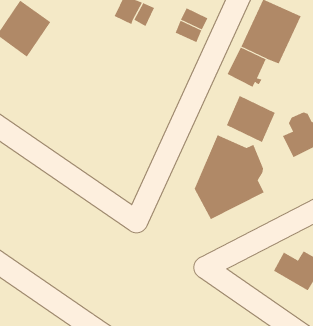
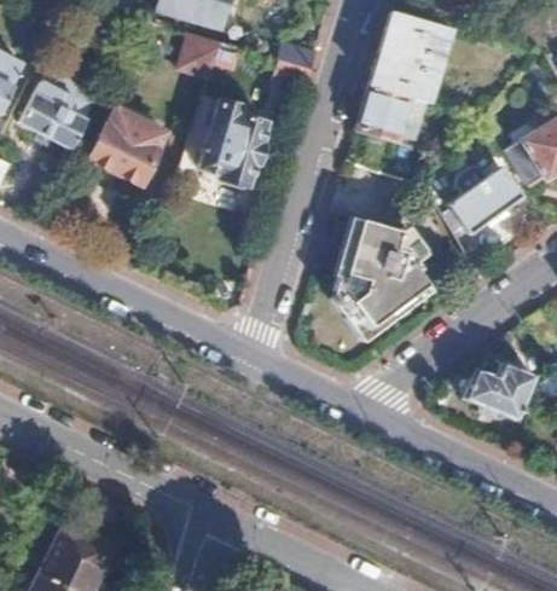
building: none -> [91,109,163,182]
building: none -> [196,95,269,190]
building: [226,95,276,143] -> none

